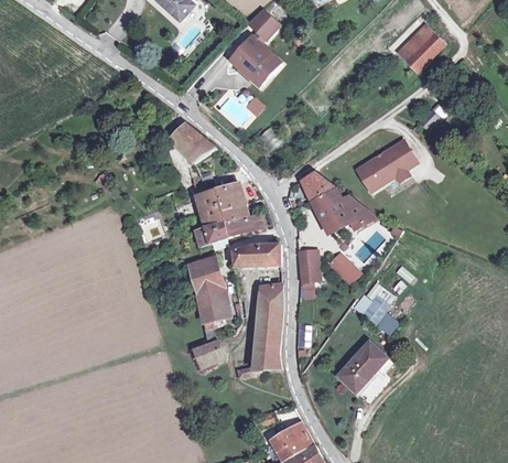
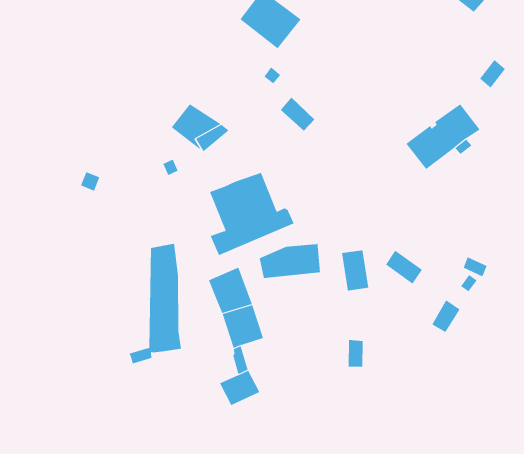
building: [301,173,374,233] -> none
building: [236,284,281,378] -> [128,243,182,364]
building: [337,342,387,392] -> none

